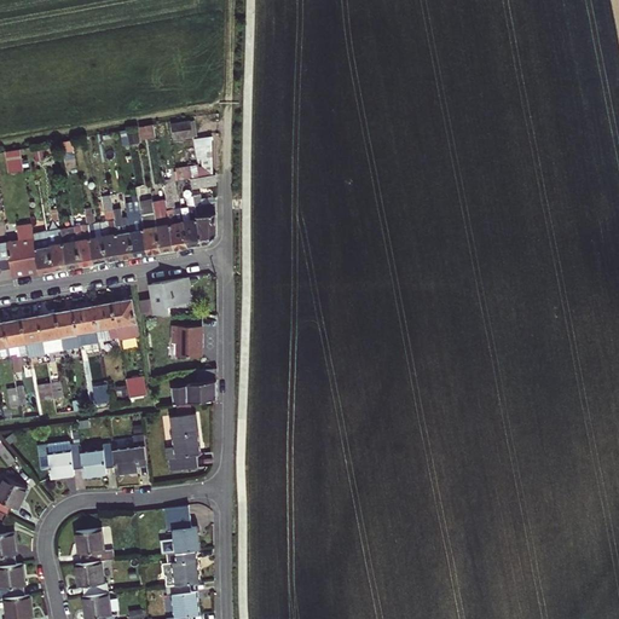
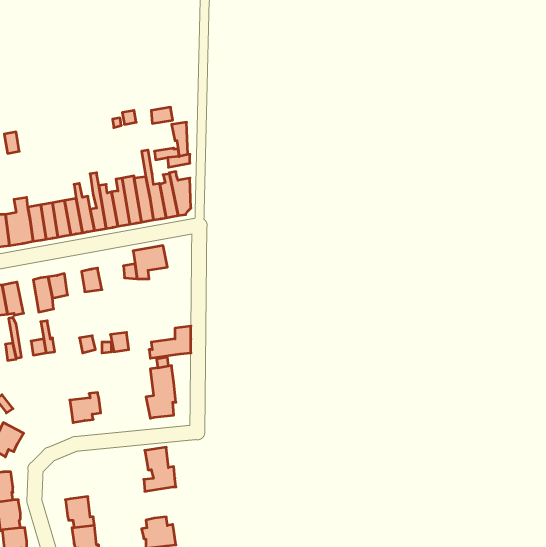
building: [110,300,137,340] -> none
building: [73,307,98,346] -> none
building: [19,317,44,354] -> none
building: [170,328,199,357] -> none
building: [111,435,146,475] -> none
building: [36,441,81,479] -> none
building: [74,528,112,563] -> none
building: [164,550,198,585] -> none

